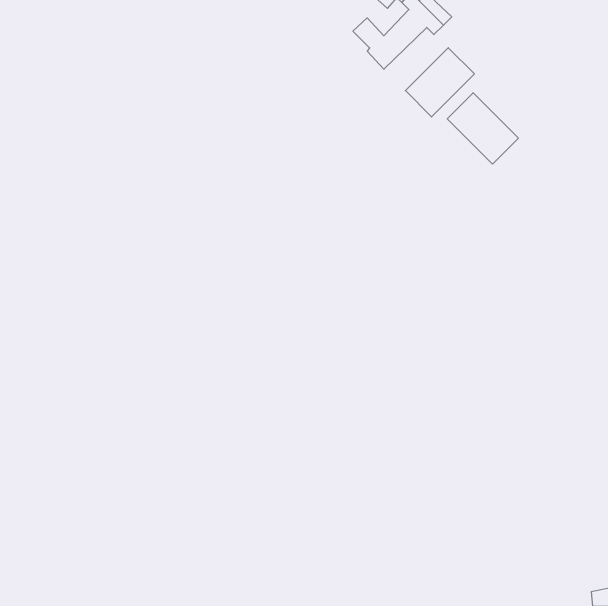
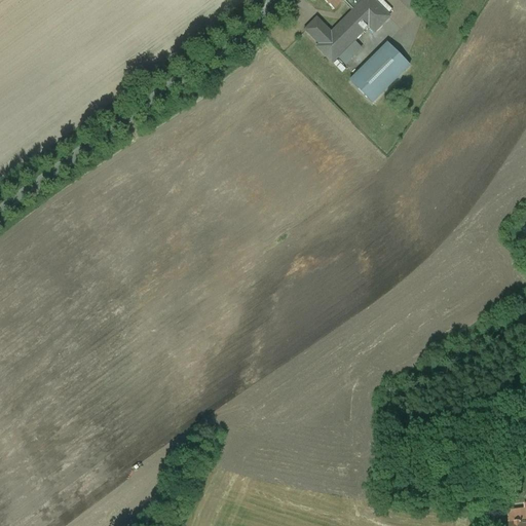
building: [447,93,518,164] -> none

